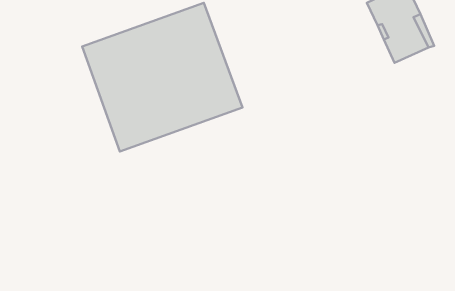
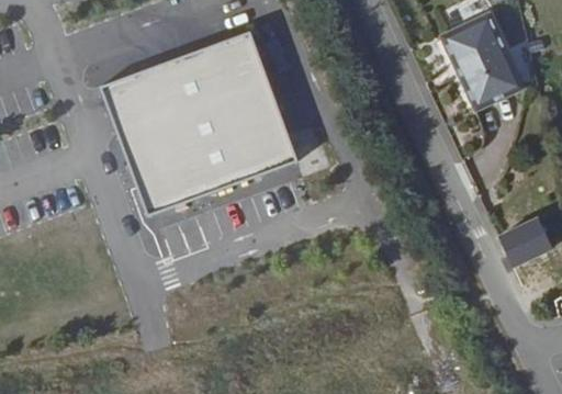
building: none -> [495,214,550,264]

